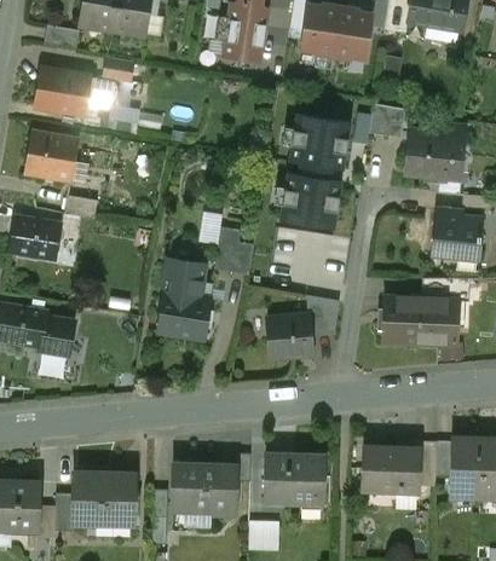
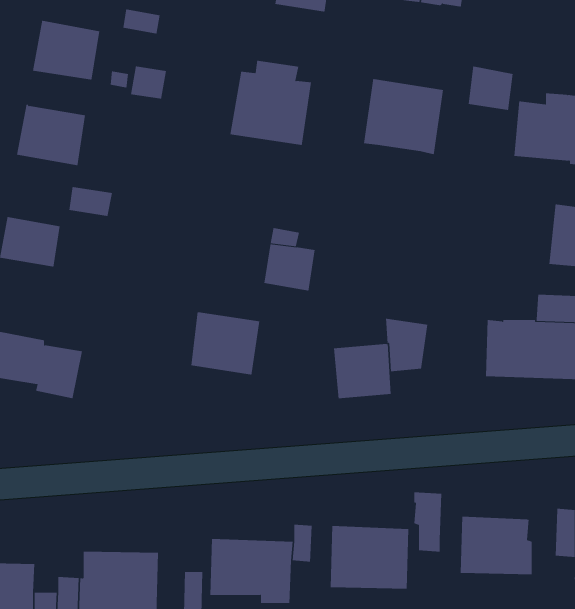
building: [279,164,342,230] -> [230,60,312,146]
building: [163,260,213,299] -> none
building: [415,441,437,487] -> [414,492,442,552]

